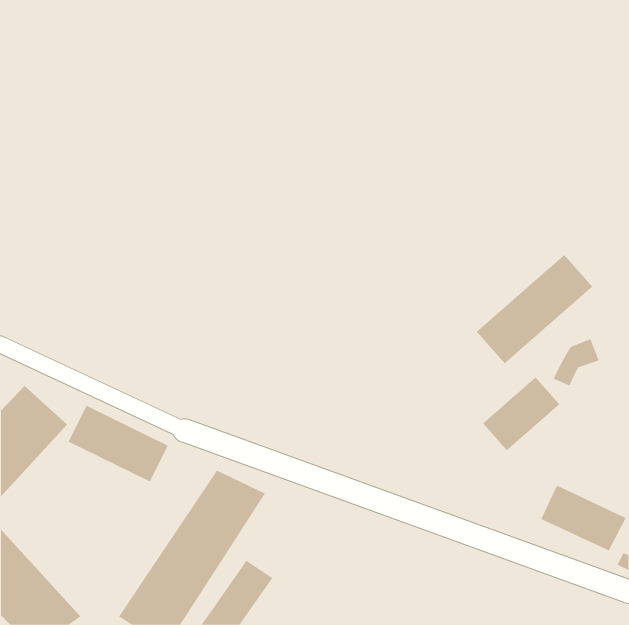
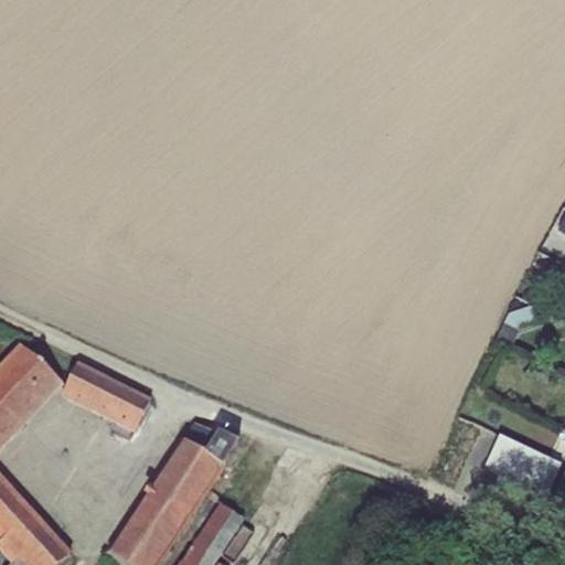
building: [476,254,593,364] -> none
building: [482,377,560,451] -> none

